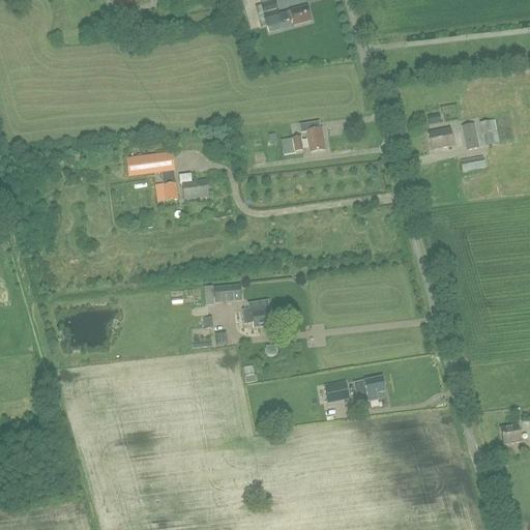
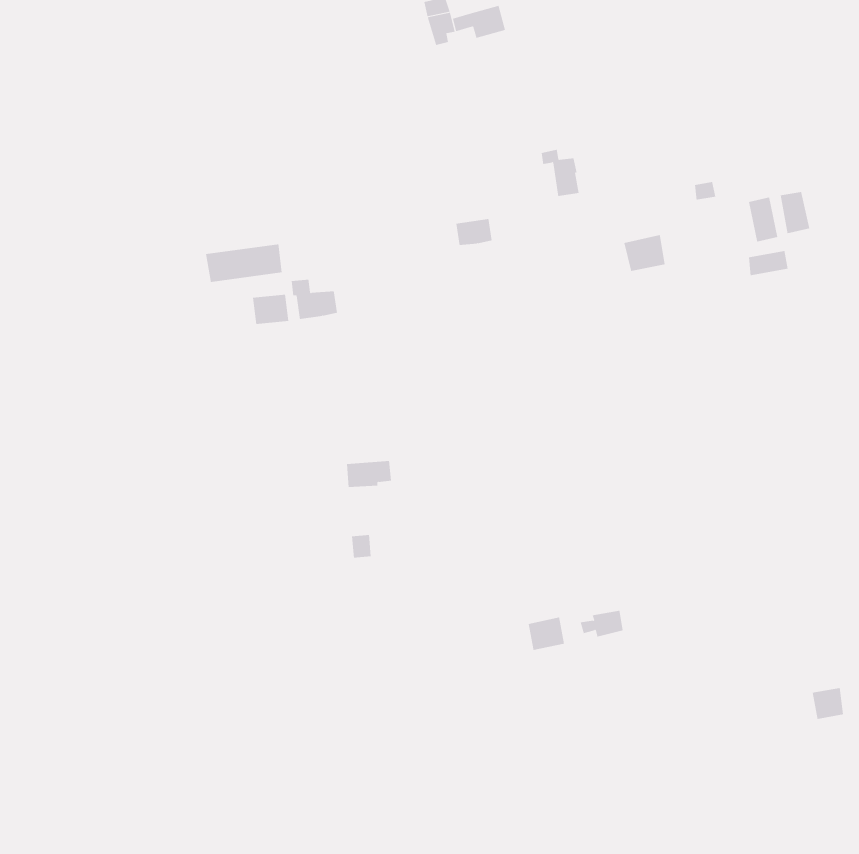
building: [300,121,324,150] -> [541,149,579,196]
building: [428,125,453,148] -> [624,234,666,271]
building: [242,299,272,325] -> none

